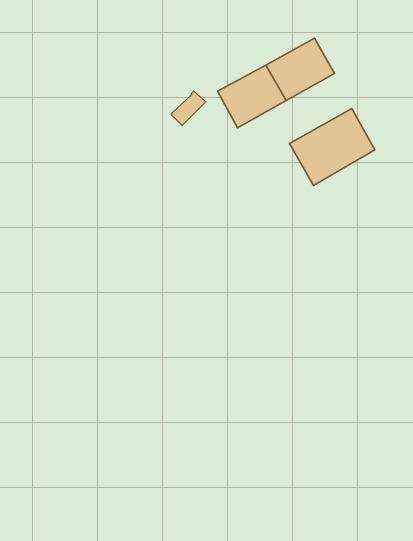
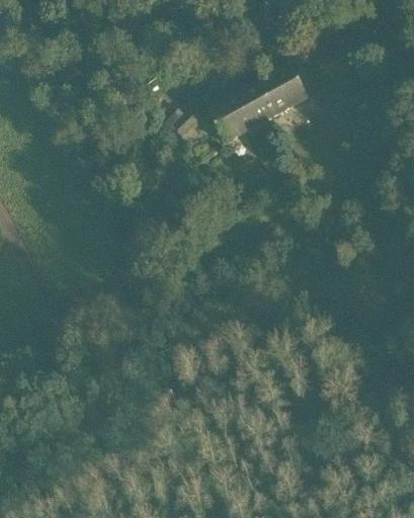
building: [290,109,375,185] -> none

